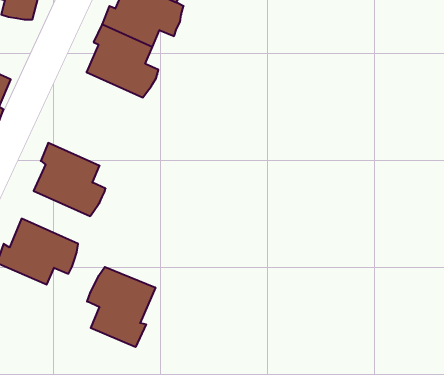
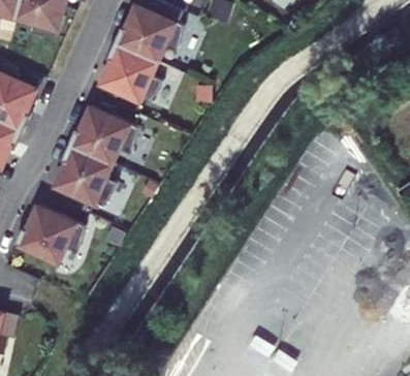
building: none -> [66,108,137,164]
building: [87,267,155,347] -> none

